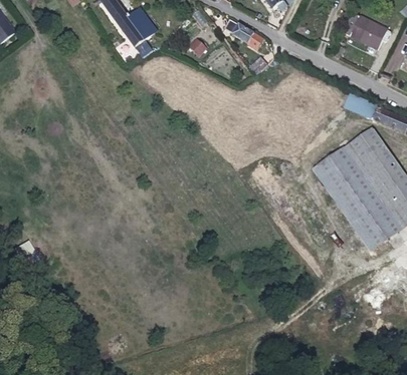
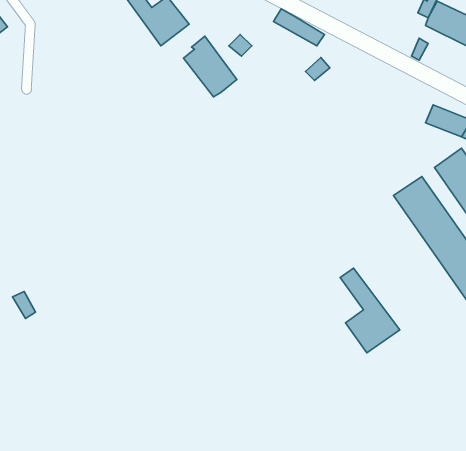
building: none -> [184,36,237,97]
building: none -> [340,268,400,353]

